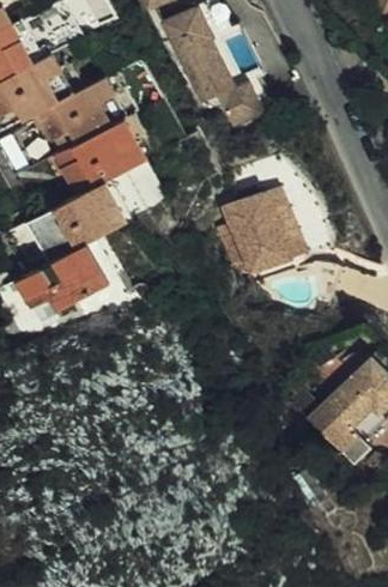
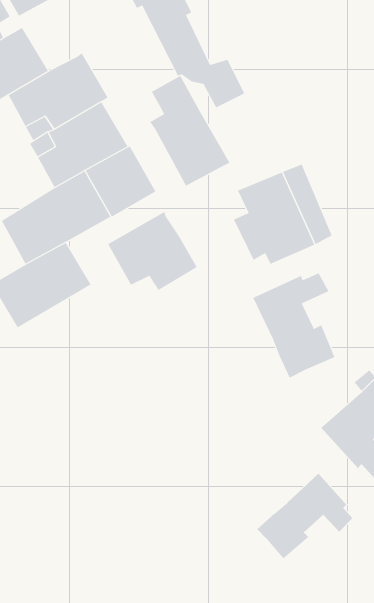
building: none -> [150,75,230,186]
building: none -> [107,211,197,291]
building: none -> [252,272,335,379]
building: none -> [256,473,353,559]

